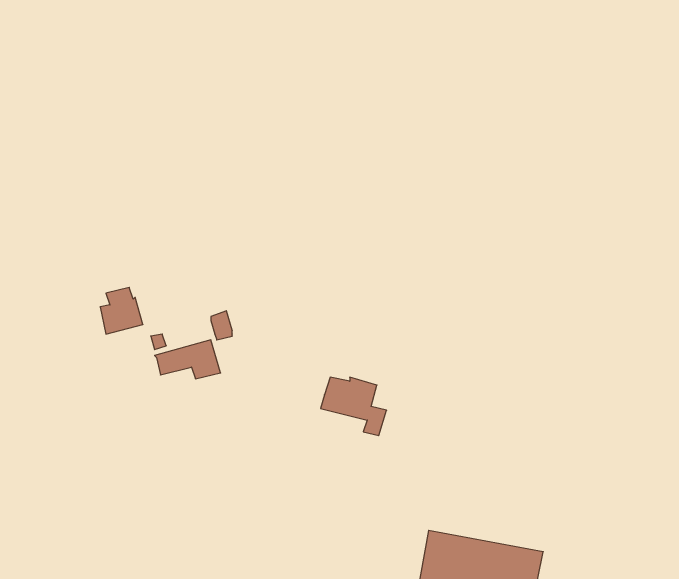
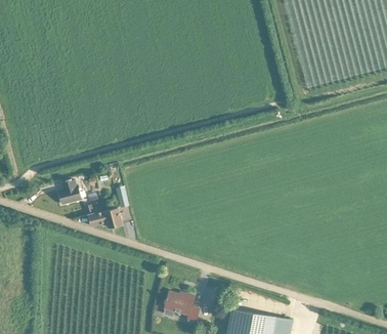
building: [321,377,387,436] -> [165,291,200,322]

